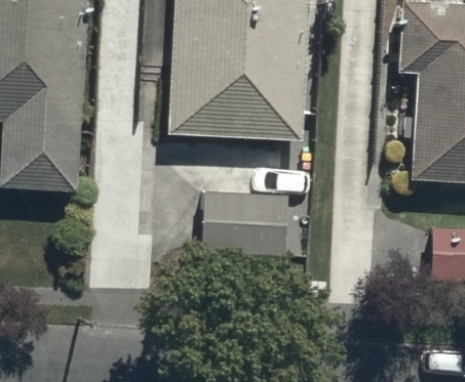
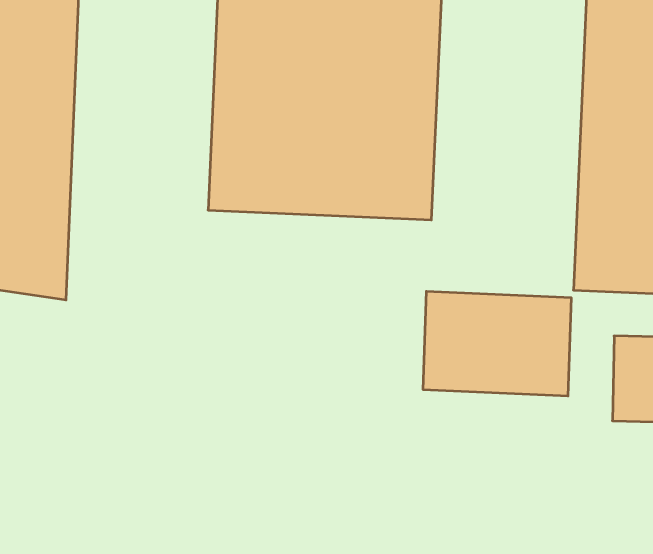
building: [193,179,286,245] -> [423,291,571,396]

